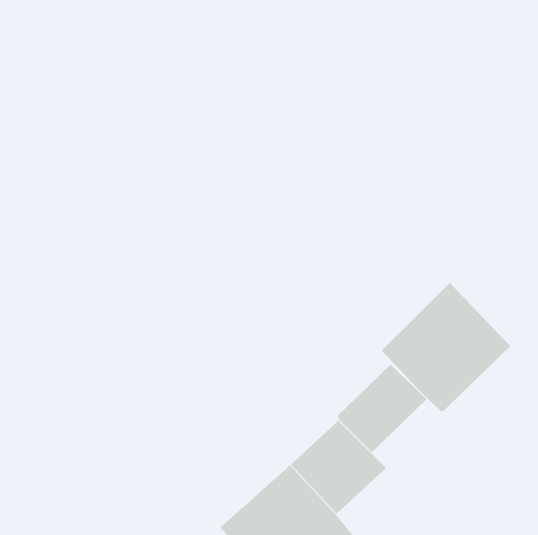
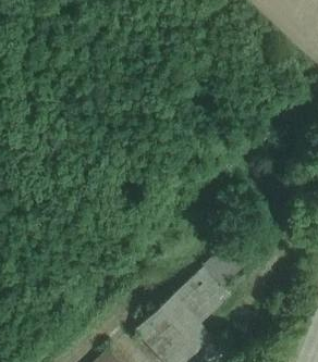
building: [381,282,511,413] -> none

